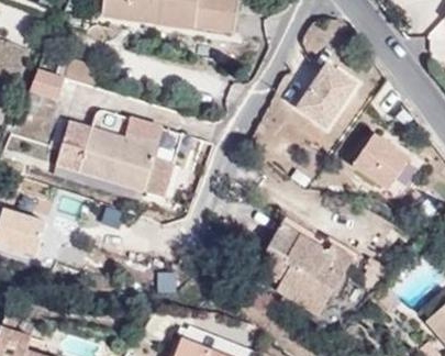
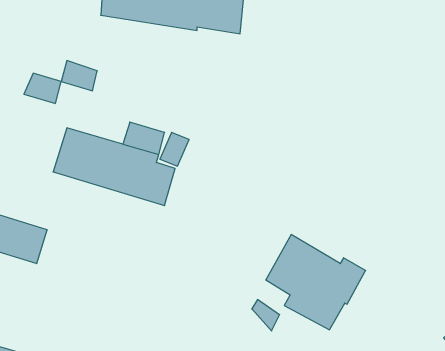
building: [299,62,356,124] -> none
building: [354,132,411,187] -> none

